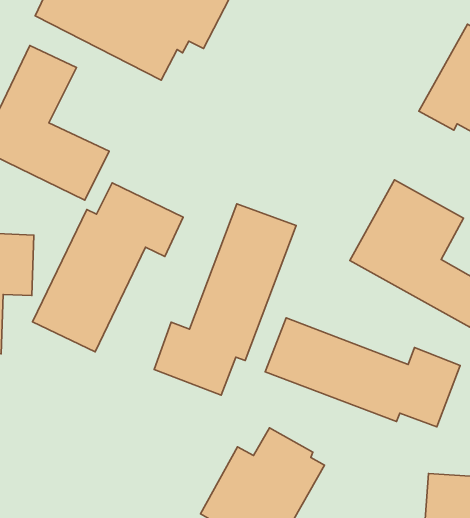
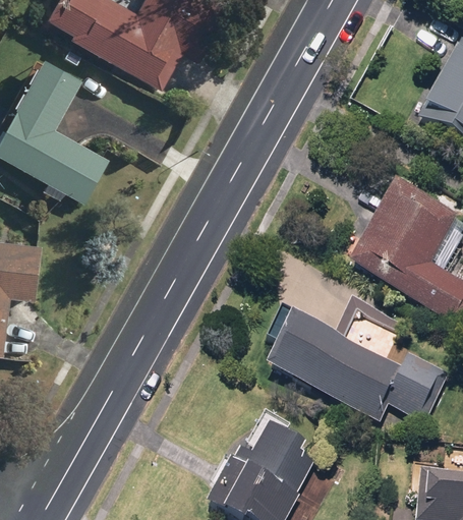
building: [32,183,183,352] -> none
building: [154,204,296,395] -> none

